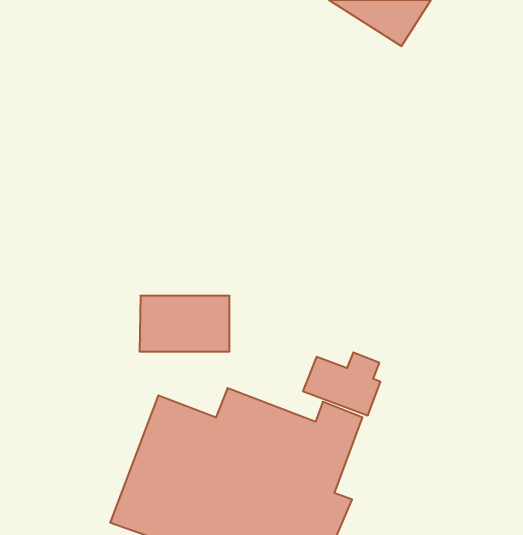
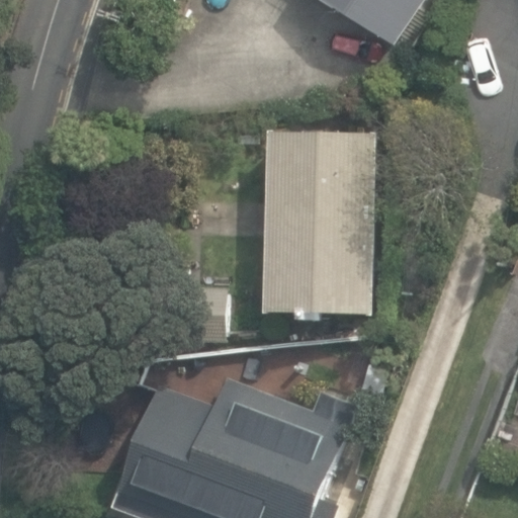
building: none -> [264,132,375,317]

